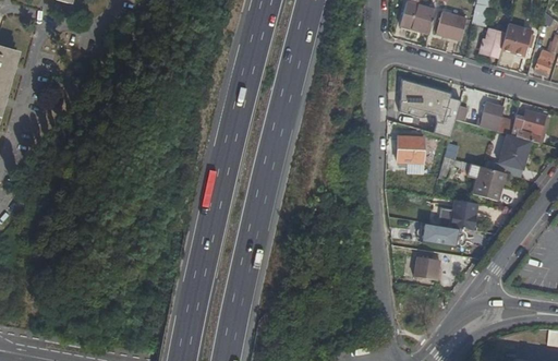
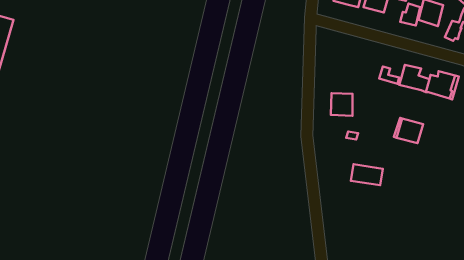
building: [399,80,451,124] -> none
building: [497,133,529,169] -> none
building: [451,201,476,229] -> none
building: [413,255,442,279] -> none

